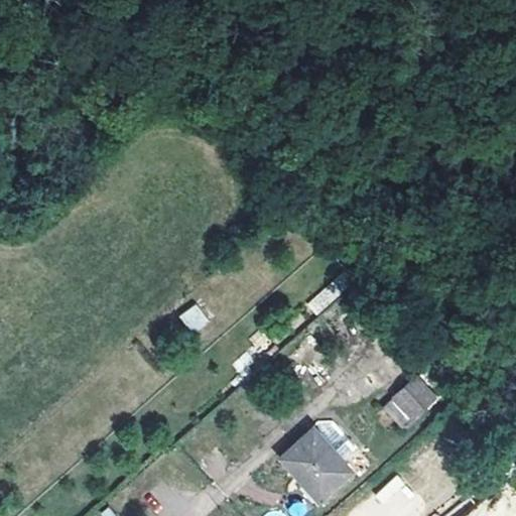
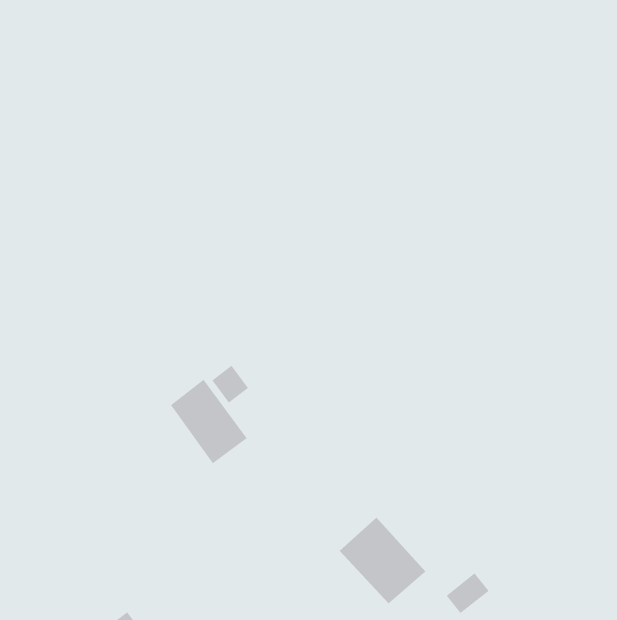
building: none -> [170,379,247,464]
building: [392,377,433,420] -> none

